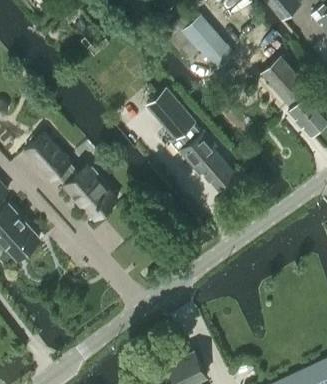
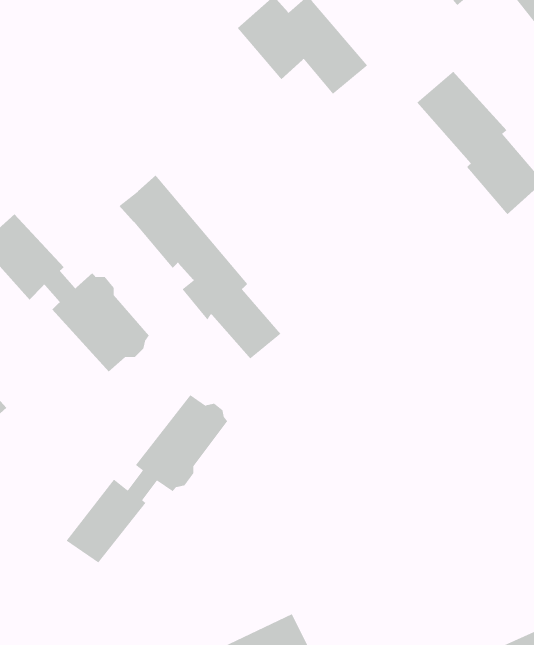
building: [146,89,234,189] -> [119,175,282,360]
building: none -> [66,394,228,564]

